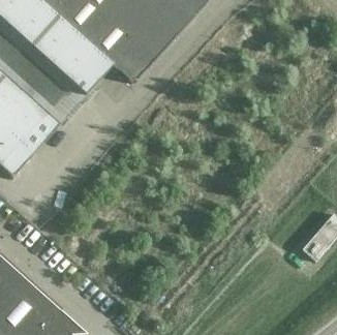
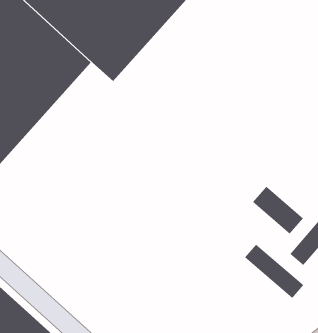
building: none -> [252,186,304,235]
building: none -> [244,244,304,299]

